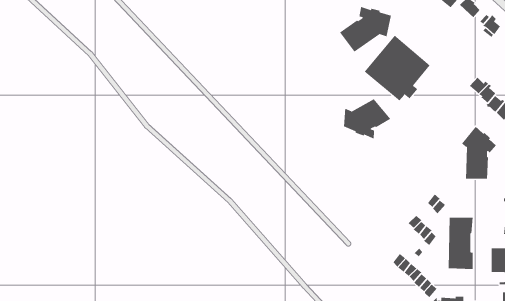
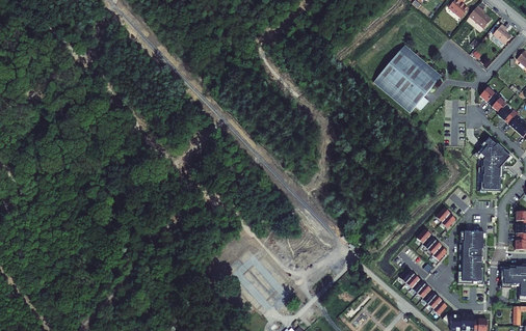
building: [339,6,391,52] -> none
building: [344,99,391,140] -> none

